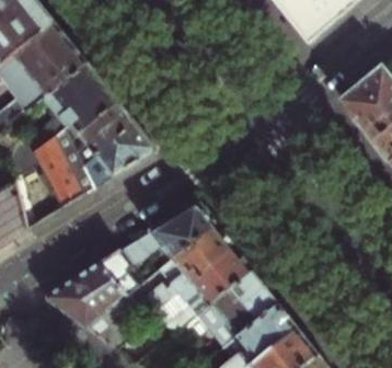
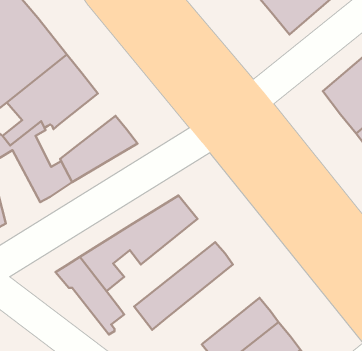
building: [81,102,137,154] -> none
building: [145,226,235,312] -> none
building: [186,271,279,348] -> none
building: [45,278,130,345] -> none

